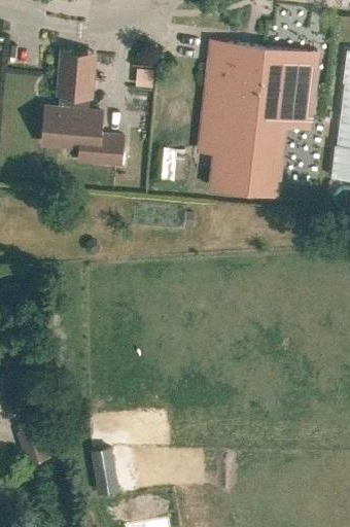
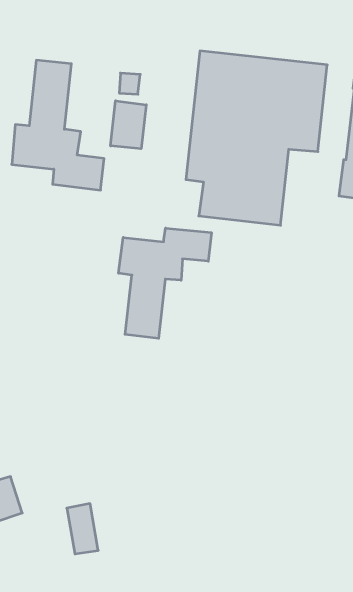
building: none -> [111,101,146,149]
building: none -> [119,228,211,338]

